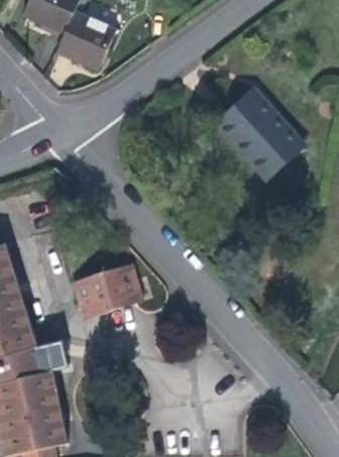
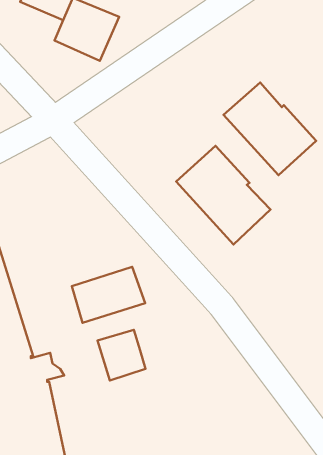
building: none -> [176,146,271,244]
building: none -> [98,330,146,380]

